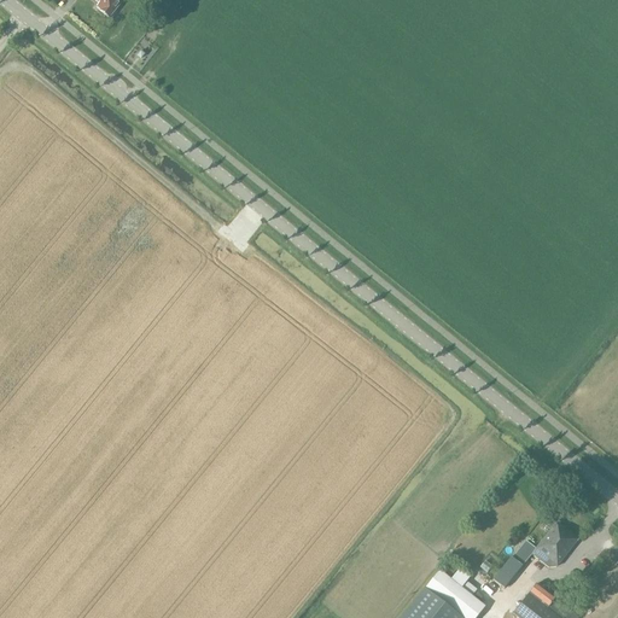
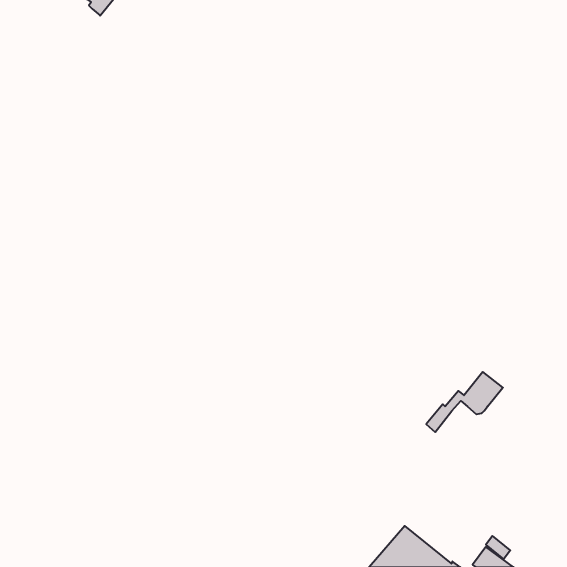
building: [495,521,578,587] -> [426,372,503,432]

